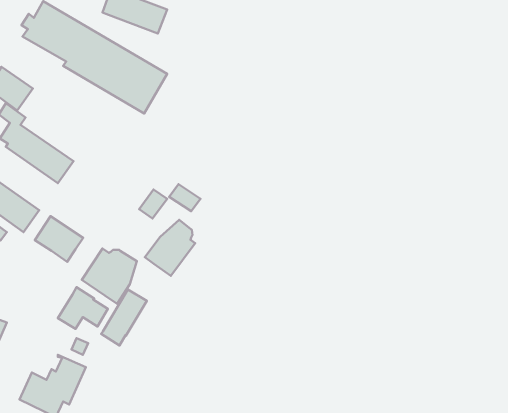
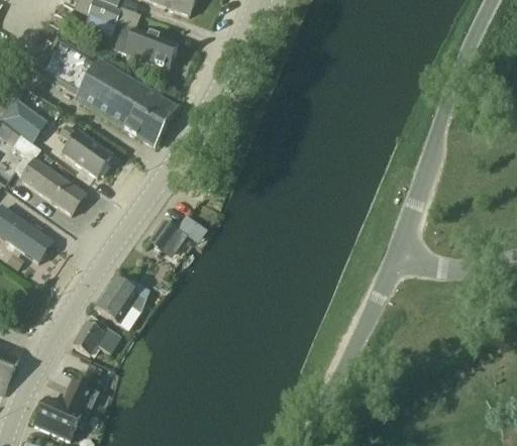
building: none -> [62,125,112,177]
building: [35,216,83,262] -> none
building: [145,220,195,276] -> none
building: [101,290,147,346] -> none

